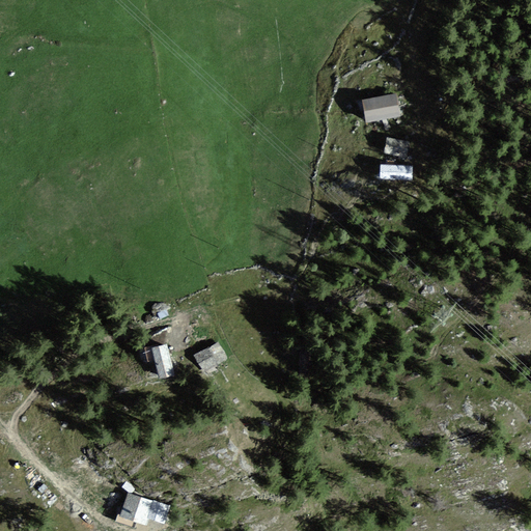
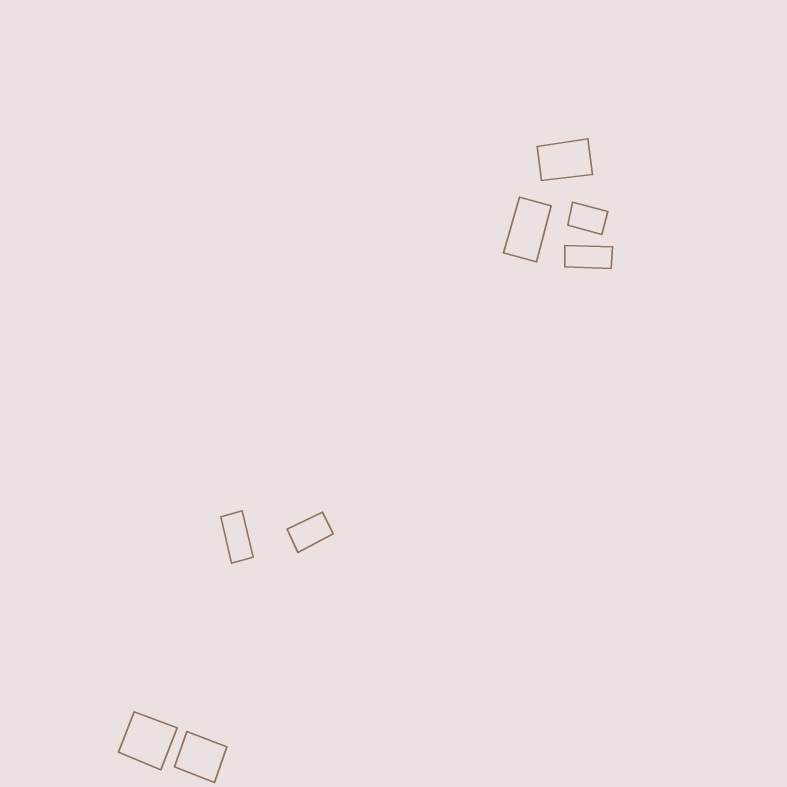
building: none -> [503,197,551,262]
building: none -> [118,712,177,770]

